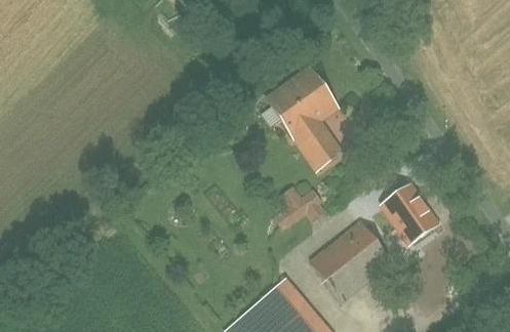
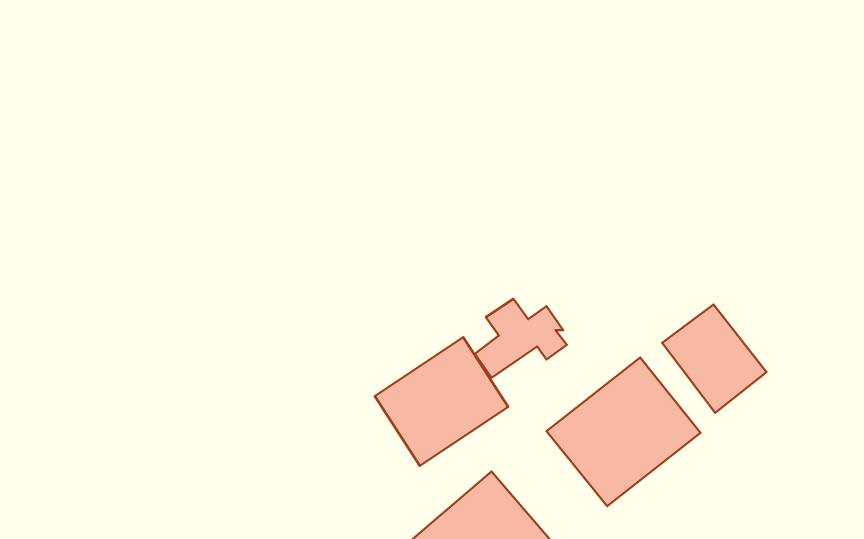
building: [270,75,344,172] -> none
building: none -> [375,337,508,466]

